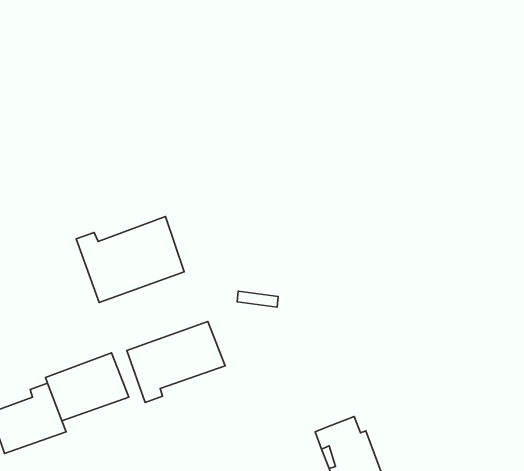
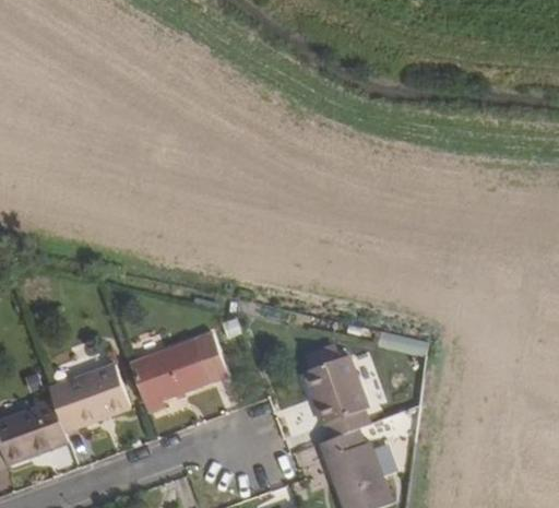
building: [76,216,184,302] -> none
building: none -> [304,355,370,439]

